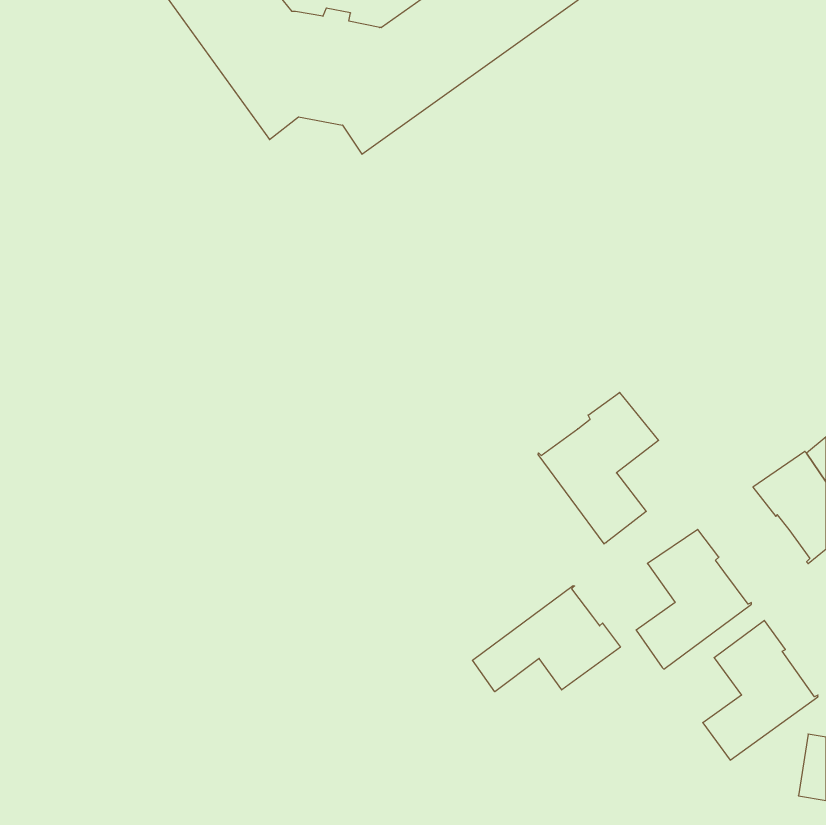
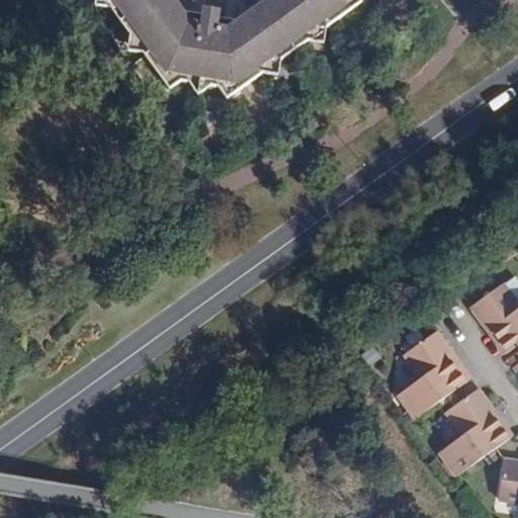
building: [538,392,659,544] -> none
building: [472,586,620,692] -> none

